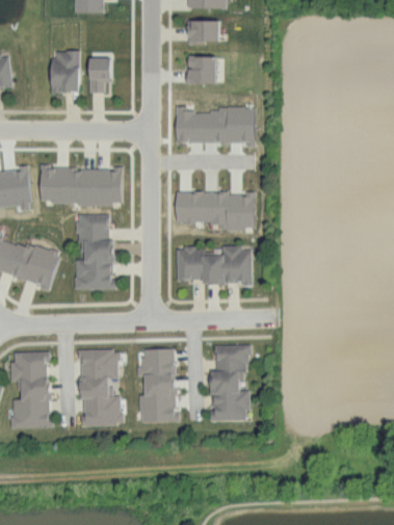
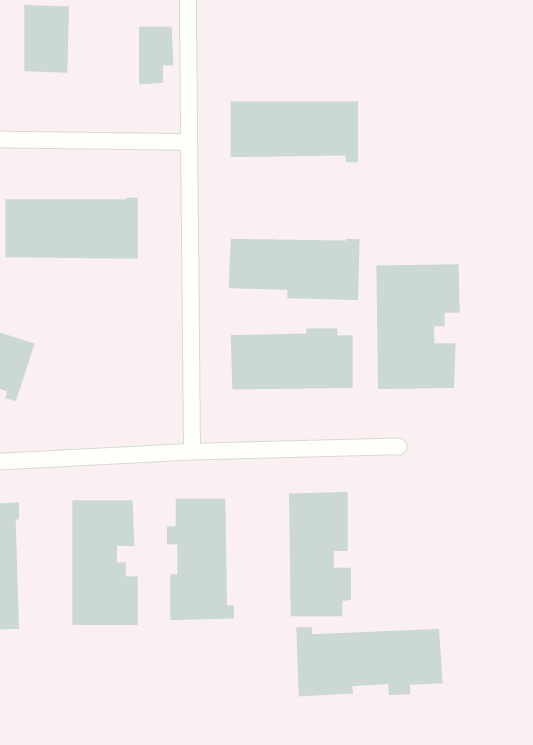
building: [187,55,215,83] -> none
building: [88,57,110,93] -> [138,26,174,85]
building: none -> [376,264,460,390]
building: [75,213,115,289] -> none
building: none -> [296,626,443,697]

